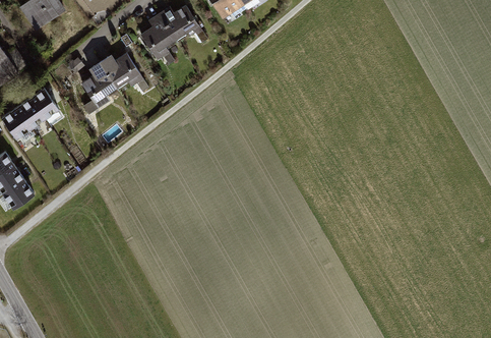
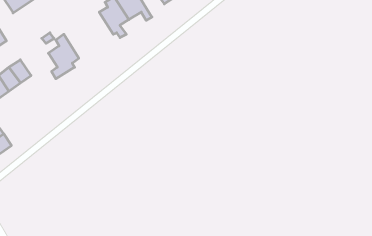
building: [98,51,147,92] -> none

